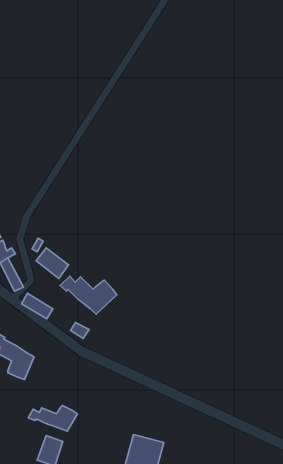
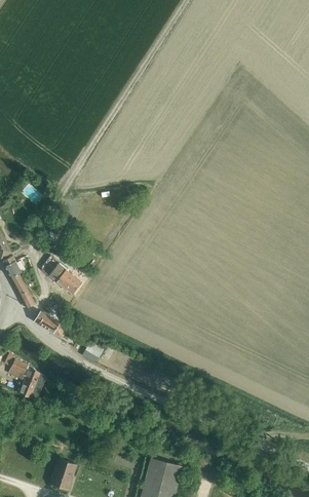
building: [60,276,117,314] -> none
building: [28,406,78,431] -> none

